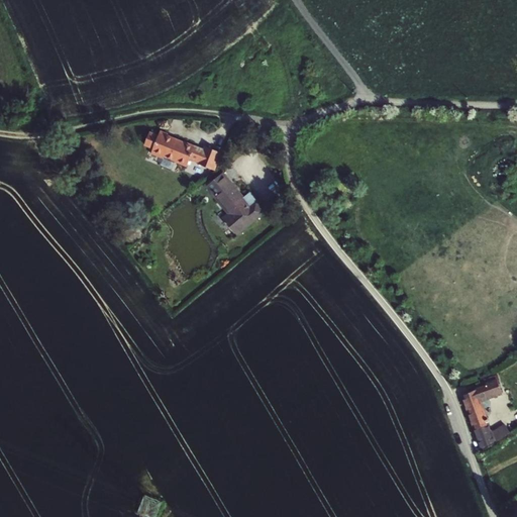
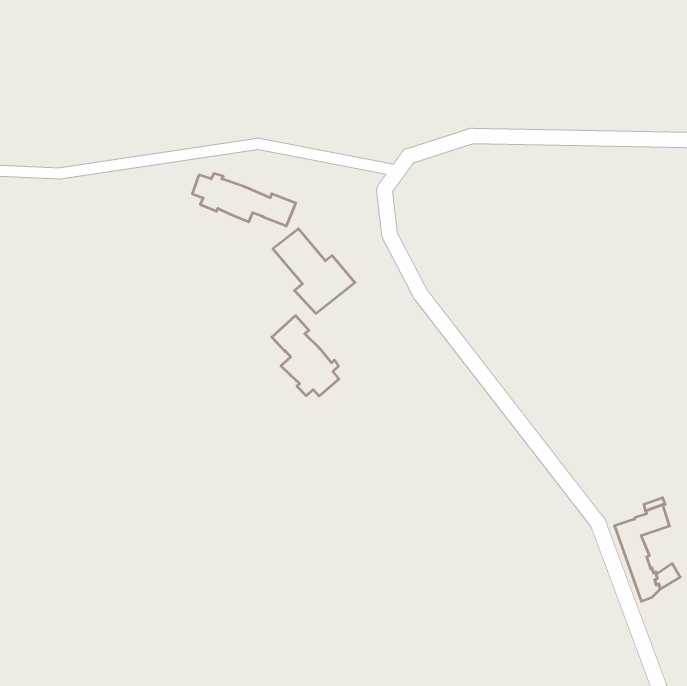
building: none -> [272,316,339,396]

